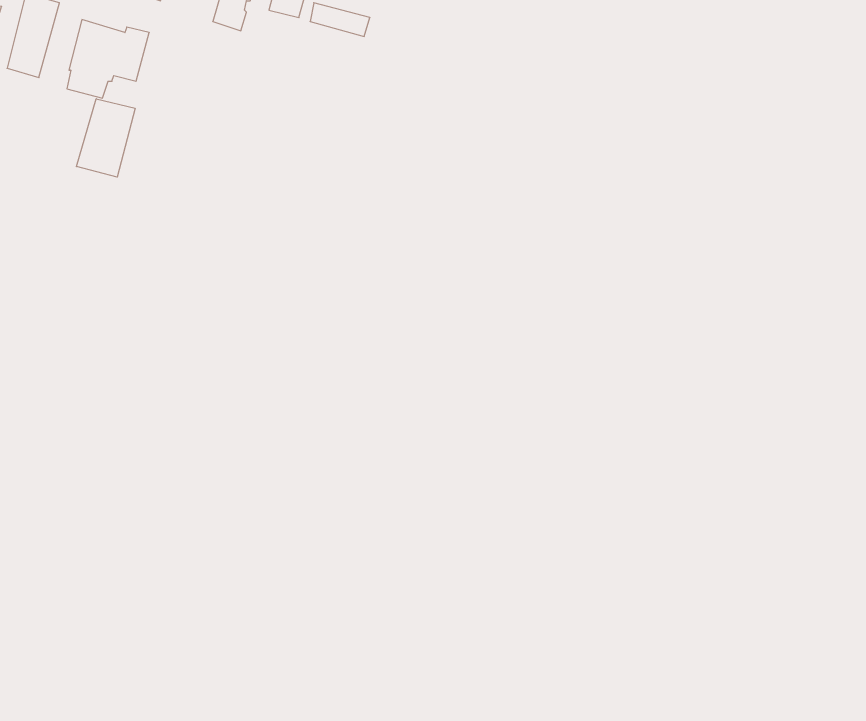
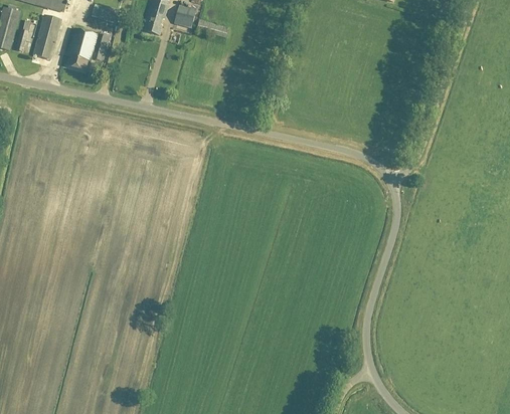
building: [76,99,135,177] -> none

